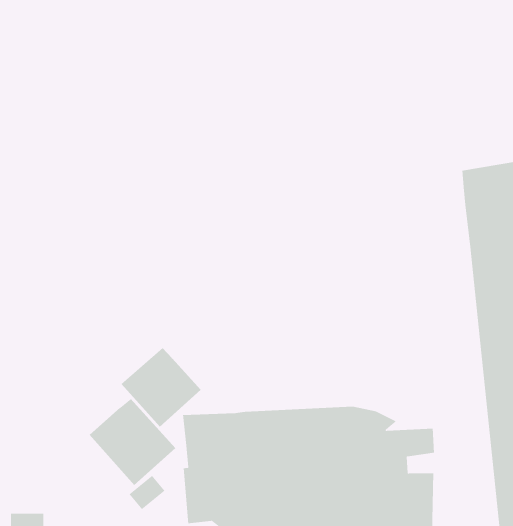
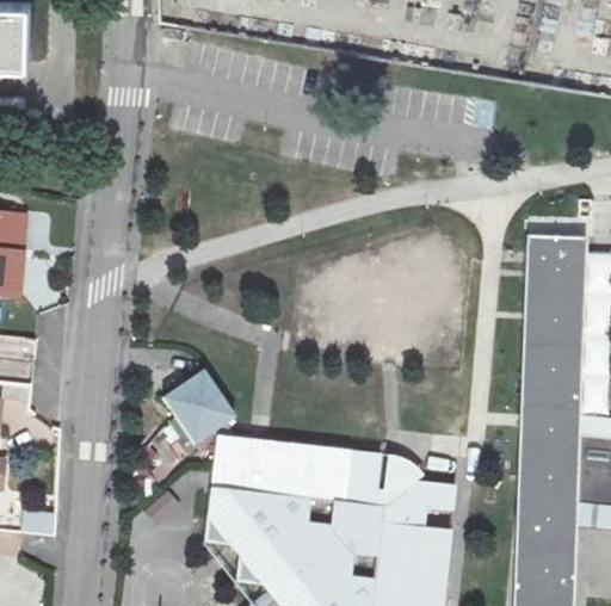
building: [89,398,176,486] -> none

